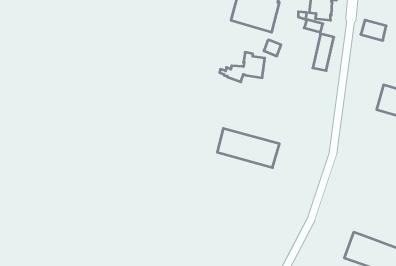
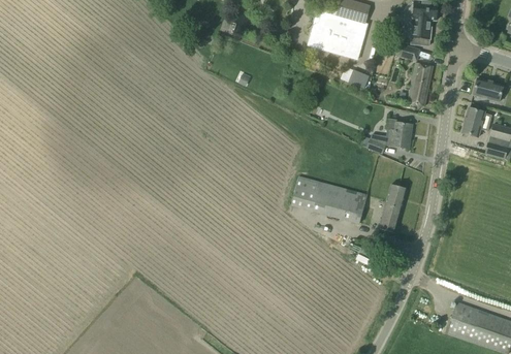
building: [361,20,386,40] -> [472,76,503,101]
building: [220,52,265,82] -> [356,117,411,153]
building: none -> [460,106,491,136]
building: none -> [378,183,406,231]

